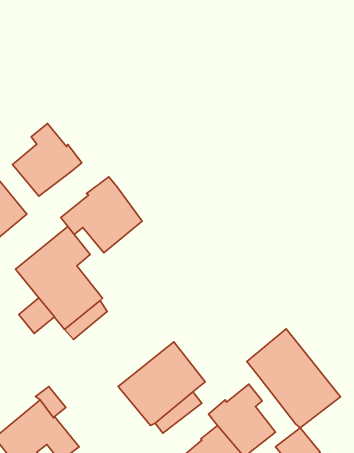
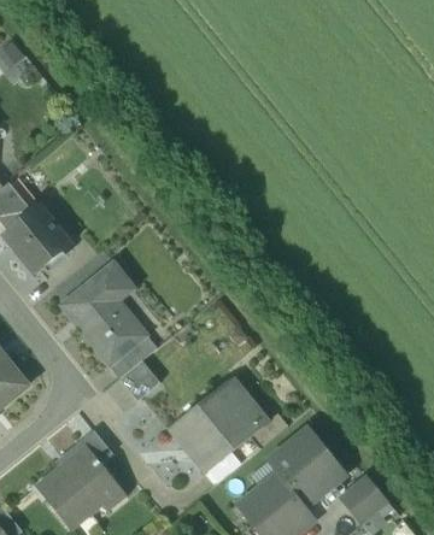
building: [12,124,82,196] -> none
building: [61,177,142,253] -> none
building: [19,298,54,334] -> [121,361,159,400]
building: [247,329,340,428] -> none

